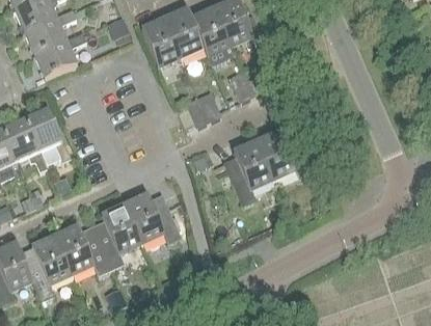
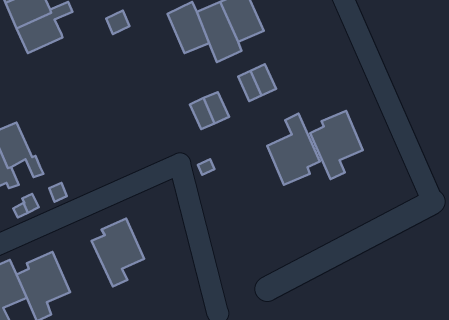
building: [141,18,180,64] -> none
building: [34,29,86,77] -> none
building: [24,107,72,160] -> none
building: [223,140,272,203] -> [310,111,363,179]
building: [126,196,183,245] -> none
building: [57,228,113,277] -> none

